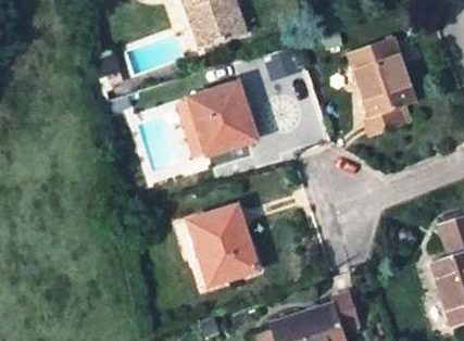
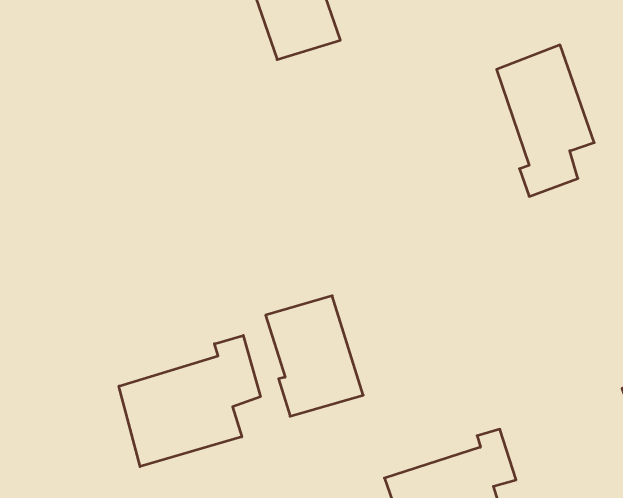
building: [187,83,248,152] -> none
building: none -> [119,335,260,467]

